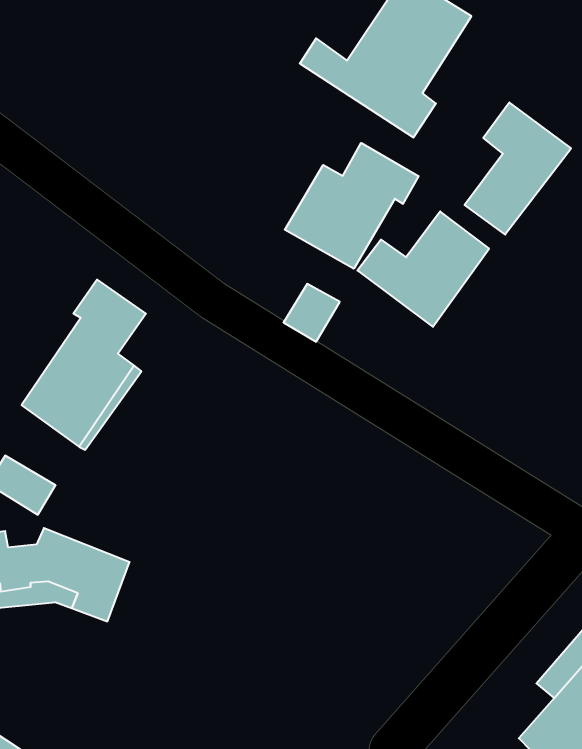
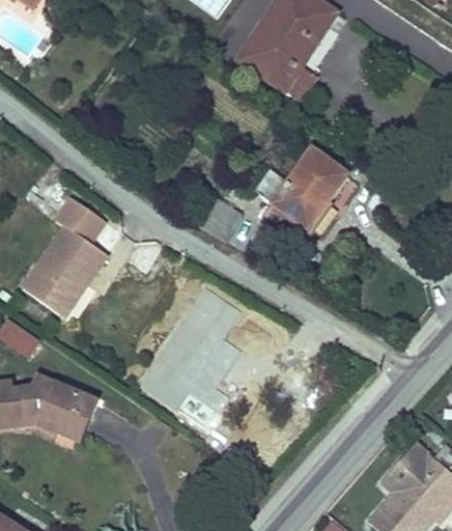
building: [465,102,571,235] -> none
building: [285,143,419,269] -> none

